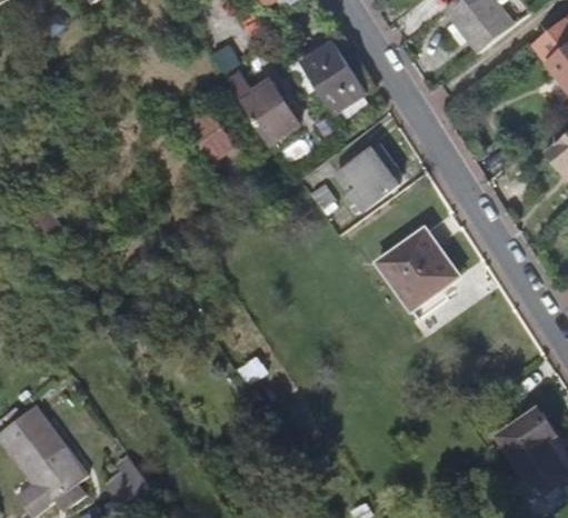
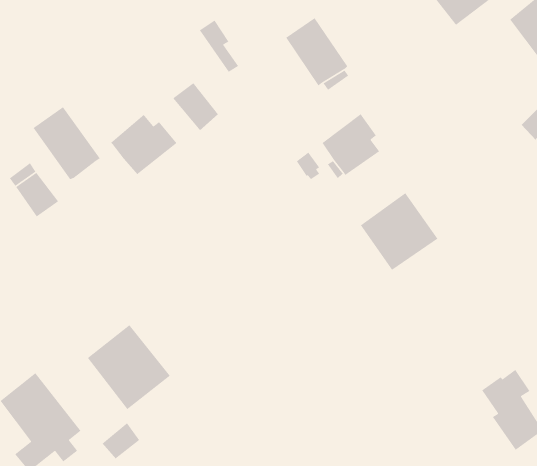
building: [240,73,302,142] -> none
building: none -> [33,106,101,180]
building: none -> [110,114,177,175]
building: none -> [87,324,171,410]

